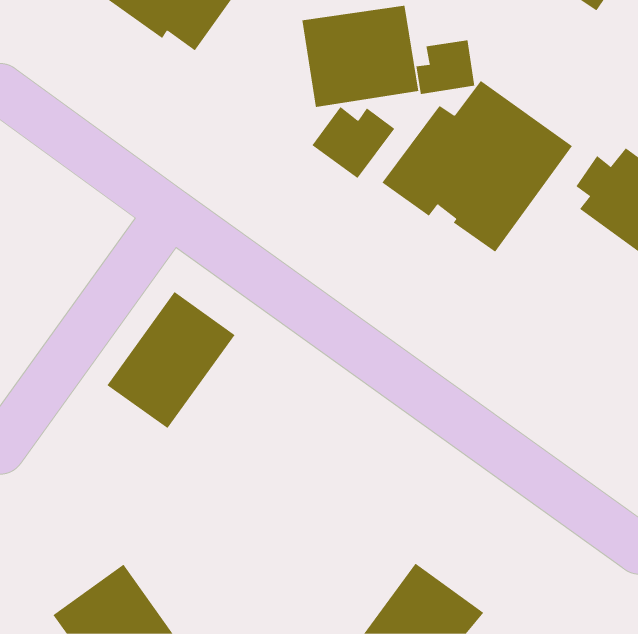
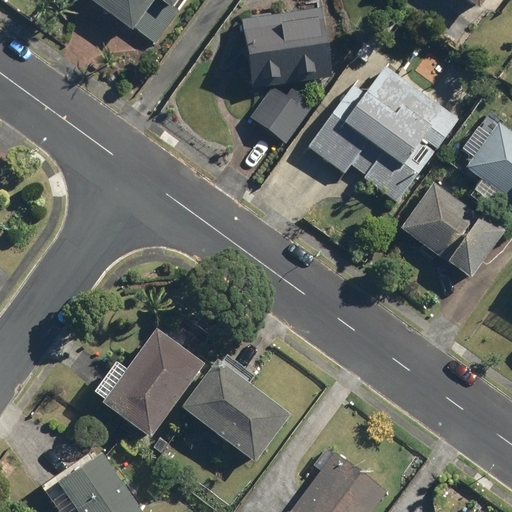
building: [416,39,475,95] -> none
building: none -> [399,180,504,279]
building: [107,291,235,429] -> [101,328,204,438]
building: none -> [179,358,292,463]

